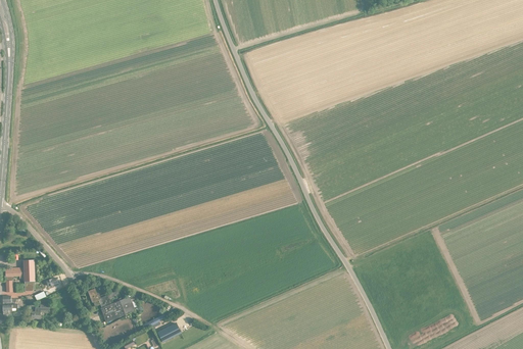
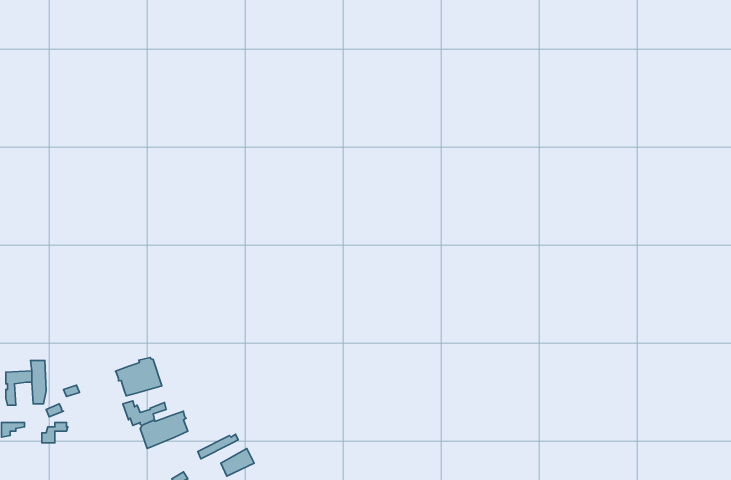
building: none -> [116,357,162,396]

